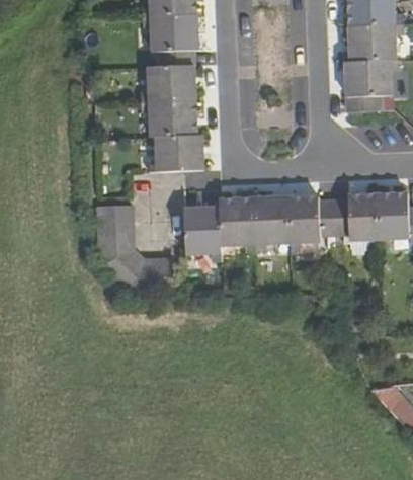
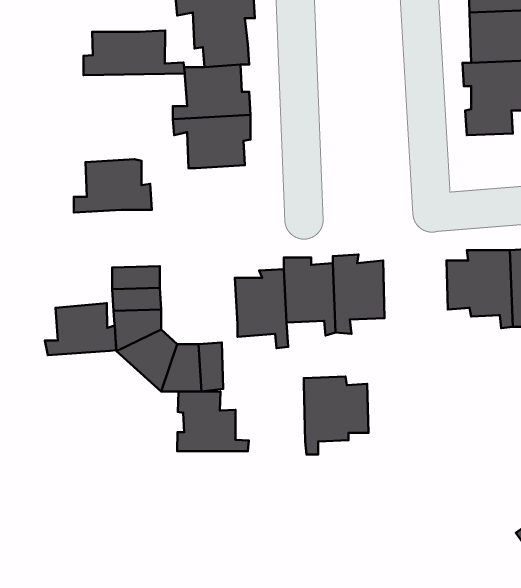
building: none -> [83,30,185,75]
building: [148,134,202,171] -> [74,159,152,213]
building: [287,195,333,250] -> [304,377,369,454]
building: none -> [45,303,116,355]
building: none -> [177,391,249,451]

